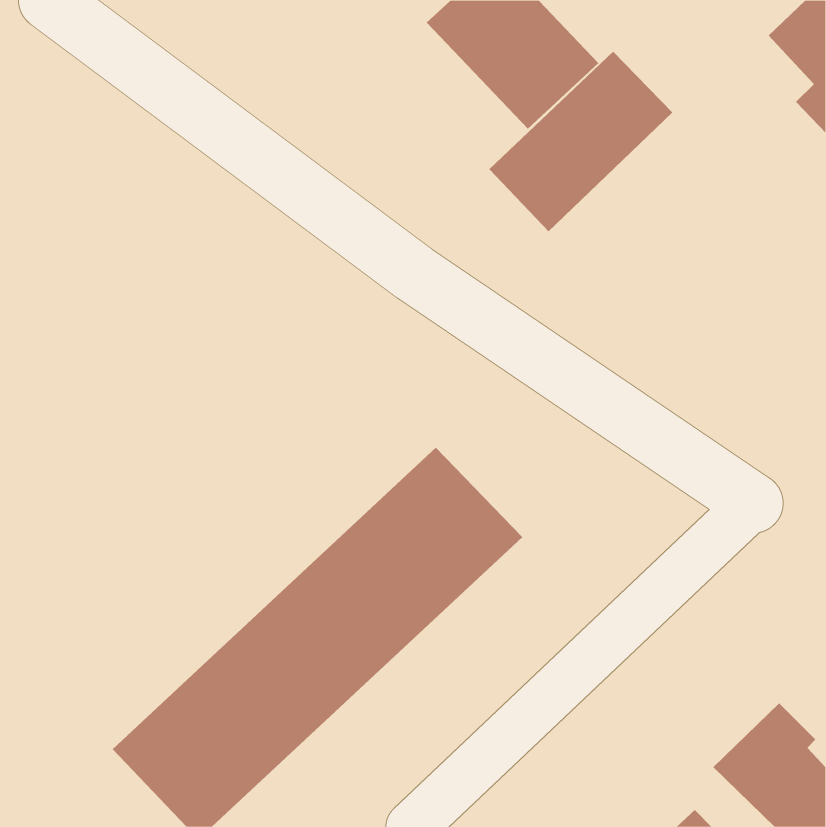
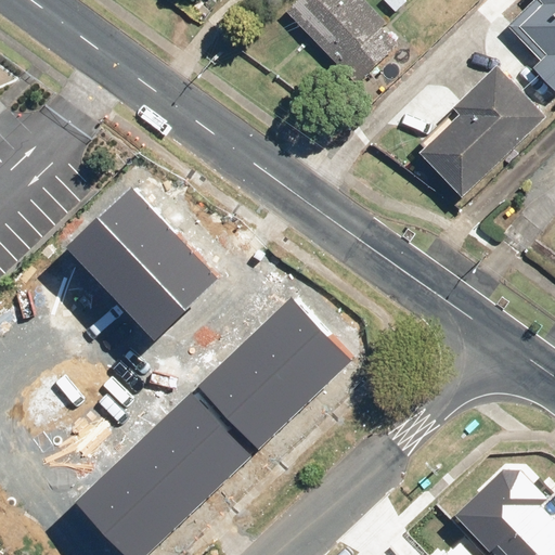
building: [489,51,673,232] -> [413,79,537,201]
building: none -> [68,189,218,338]

